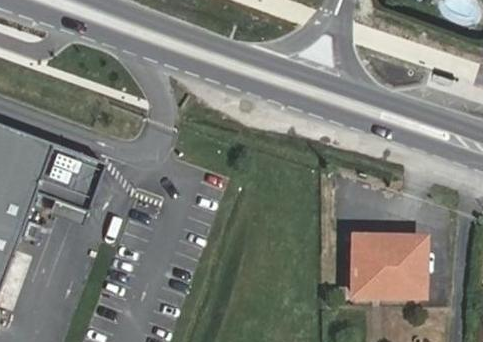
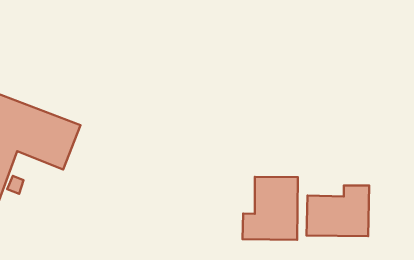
building: none -> [242,177,298,240]

